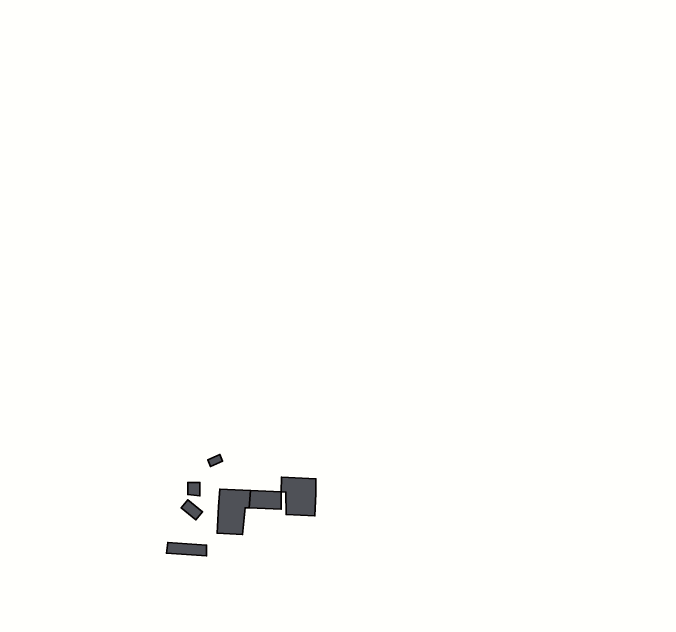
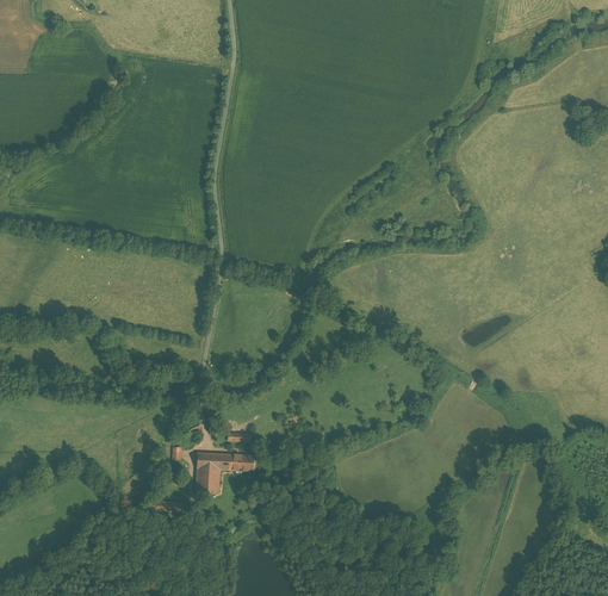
building: [281,477,316,516] -> none

